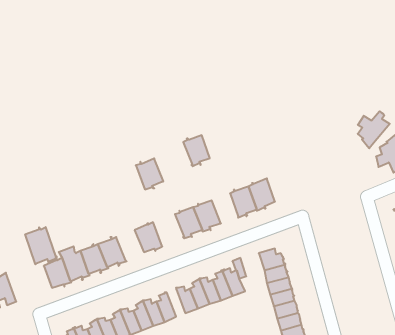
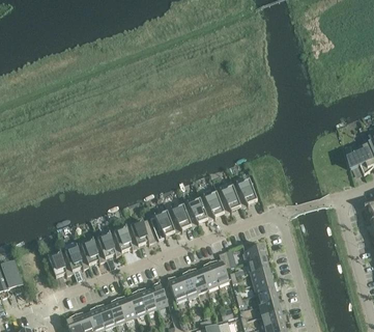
building: [358,111,390,148] -> none
building: [183,135,210,166] -> [200,190,224,218]
building: [136,158,163,189] -> [150,209,175,237]
building: [25,227,57,264] -> none
building: none -> [114,223,139,250]

